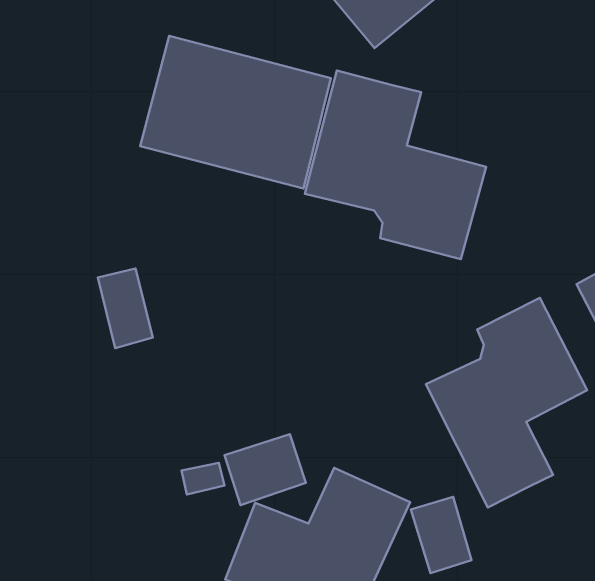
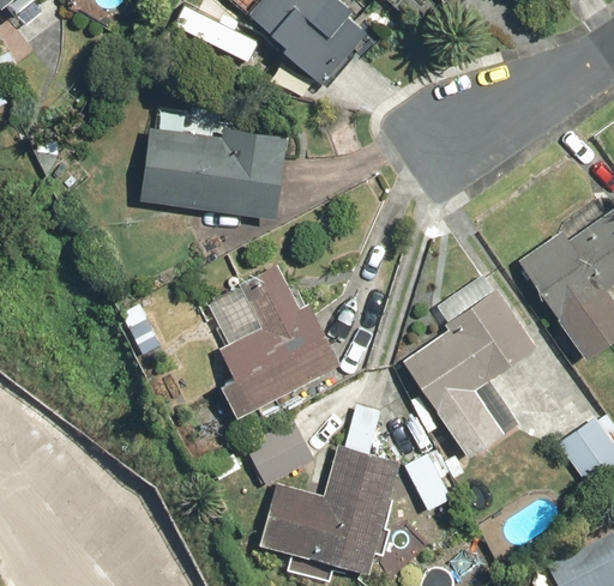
building: [305,71,486,259] -> none
building: none -> [209,262,343,419]

